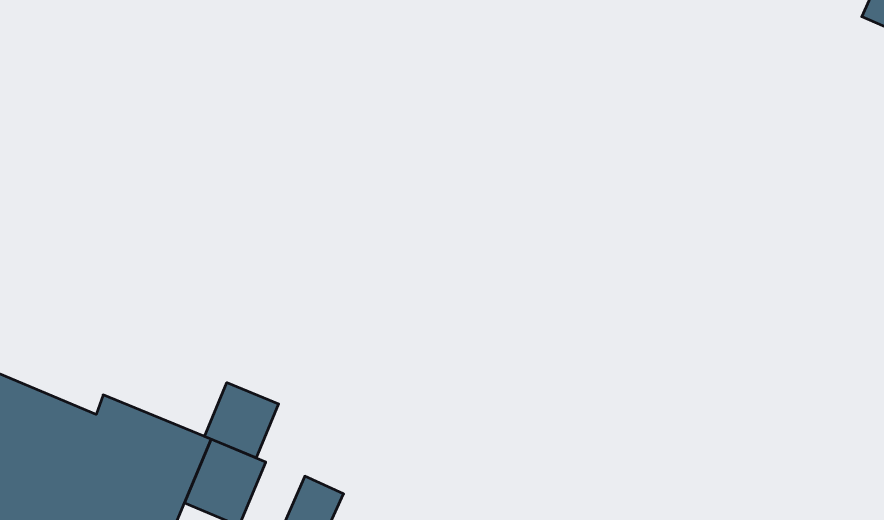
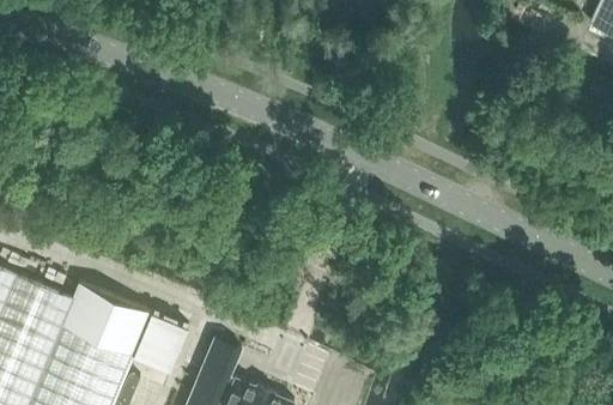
building: [204,383,279,458] -> none

